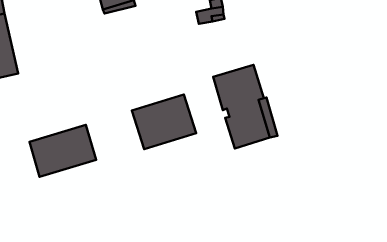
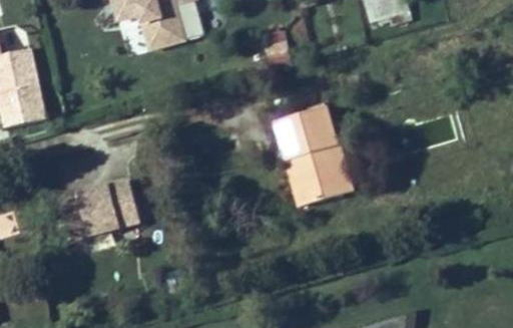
building: [132,95,196,149] -> none

